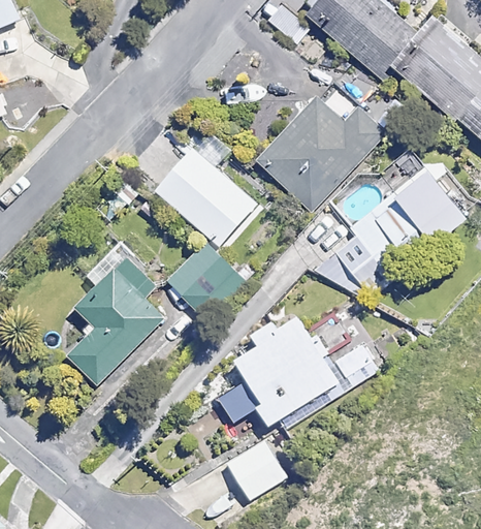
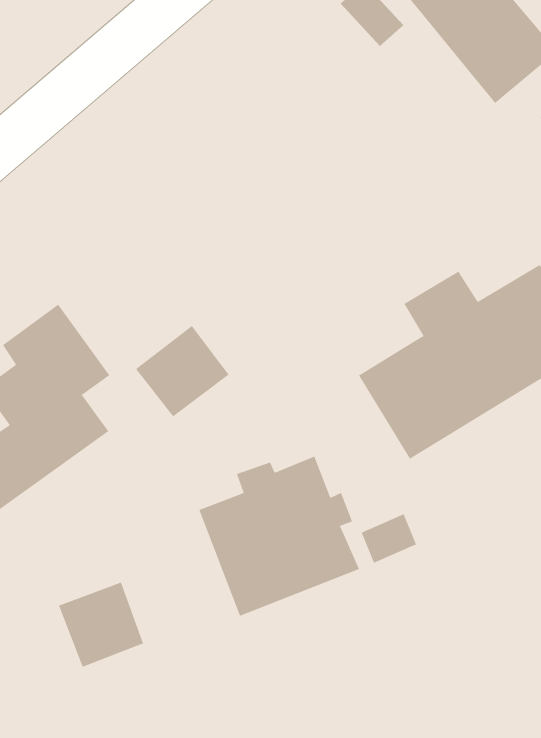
building: [258,87,383,211] -> none
building: [154,130,256,247] -> none
building: [226,442,285,501] -> [58,582,144,667]

